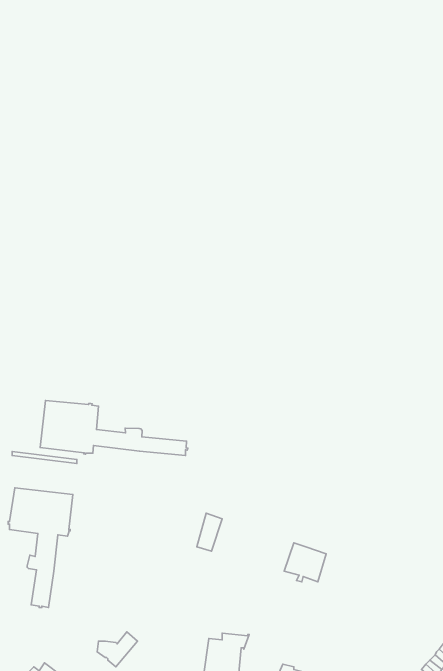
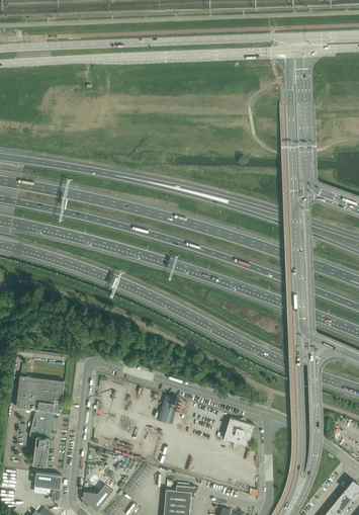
building: [40,401,188,455] -> none
building: none -> [34,473,61,500]

